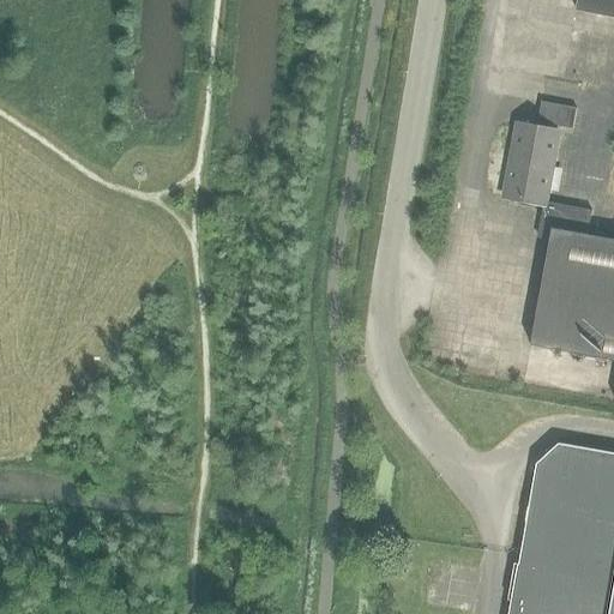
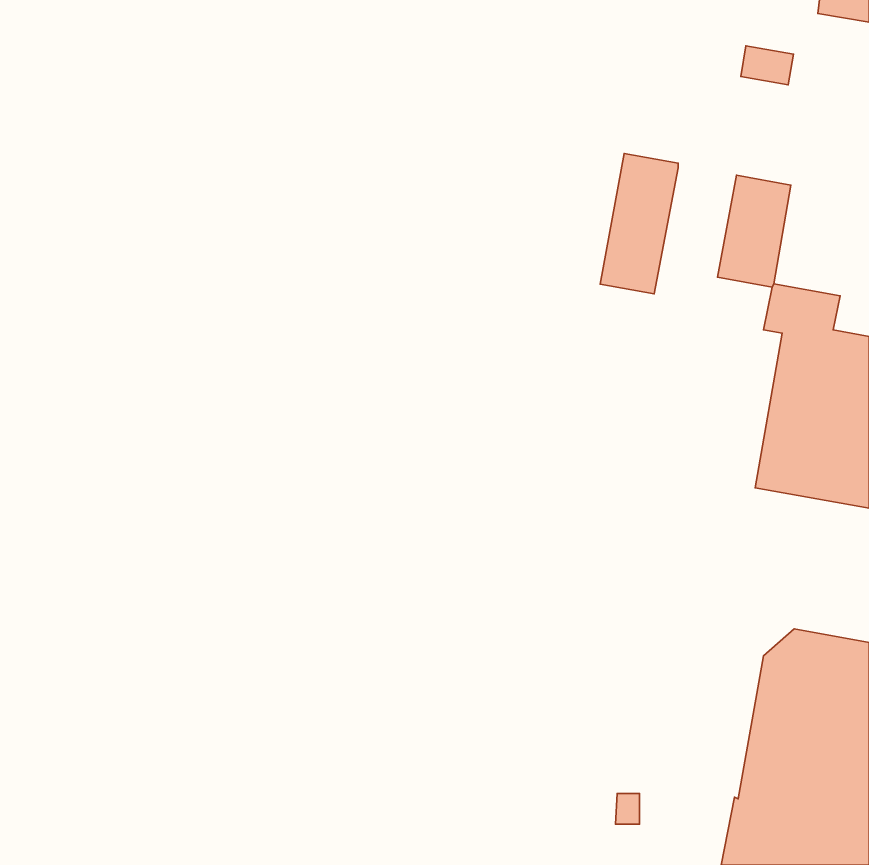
building: [538,101,576,128] -> [741,46,793,85]
building: none -> [600,154,678,294]

